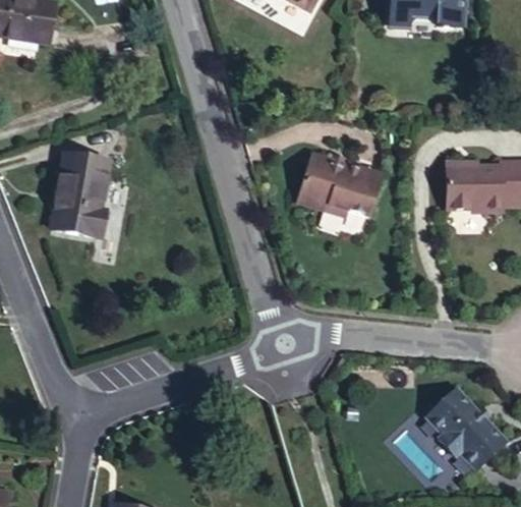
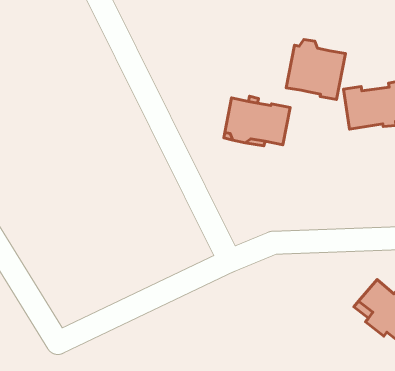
building: none -> [286,40,345,100]
building: [50,153,109,237] -> none

